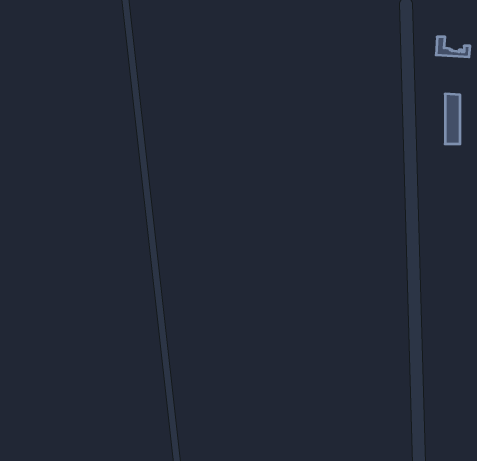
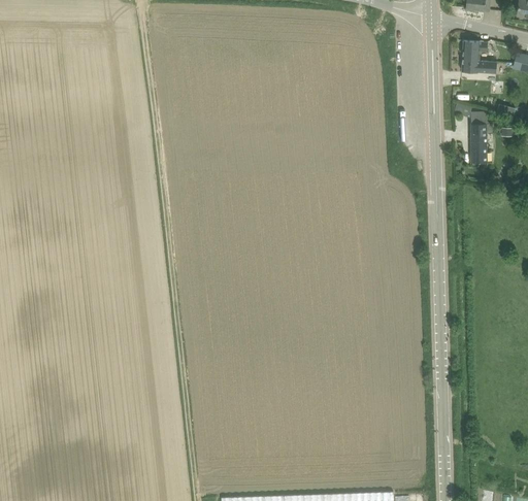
building: none -> [461,40,489,67]

